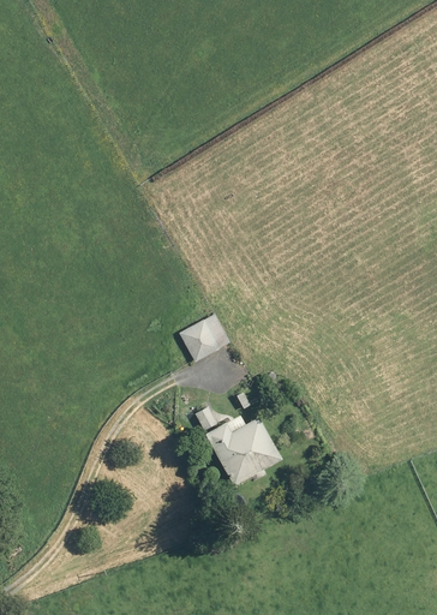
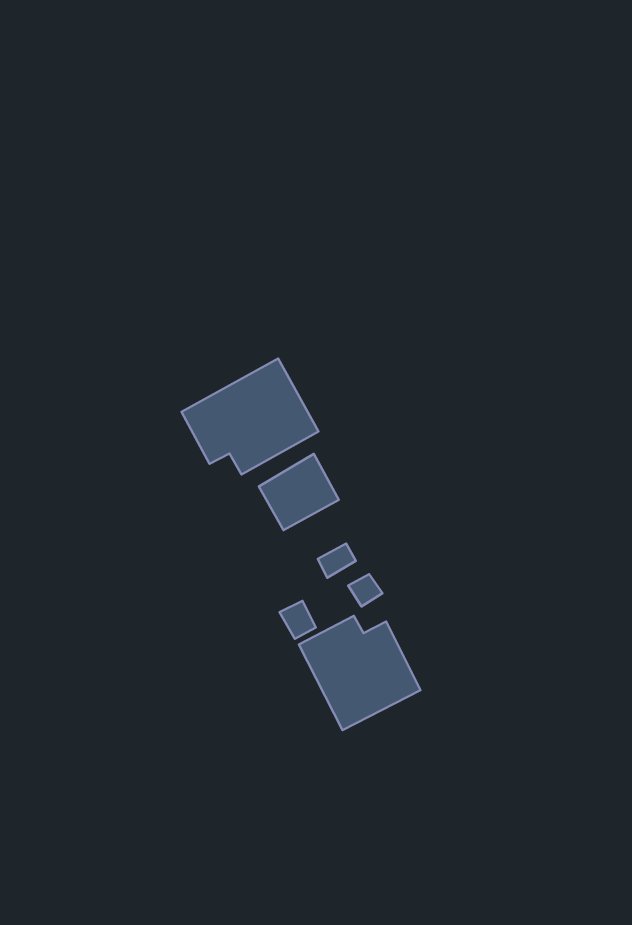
building: none -> [181,358,318,475]

